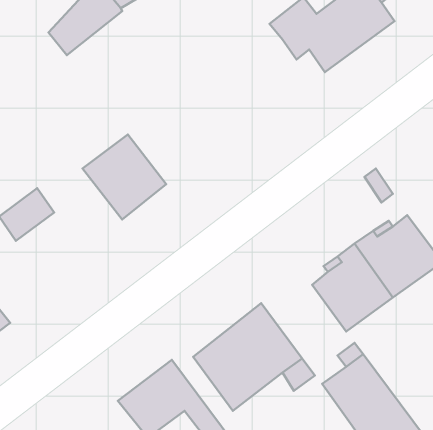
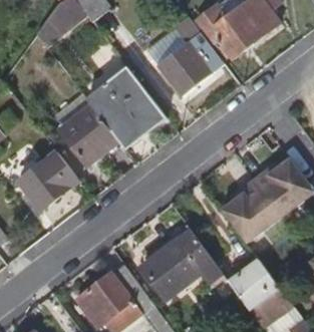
building: none -> [148,27,223,96]
building: none -> [87,68,164,146]
building: none -> [18,150,79,211]

